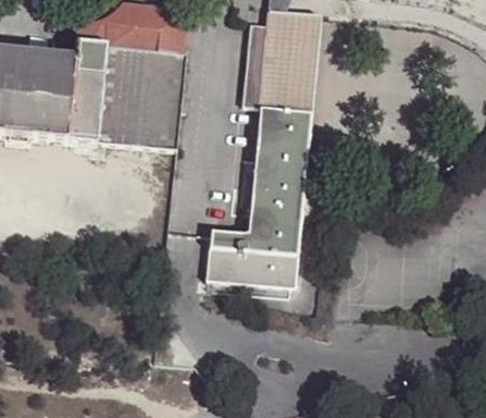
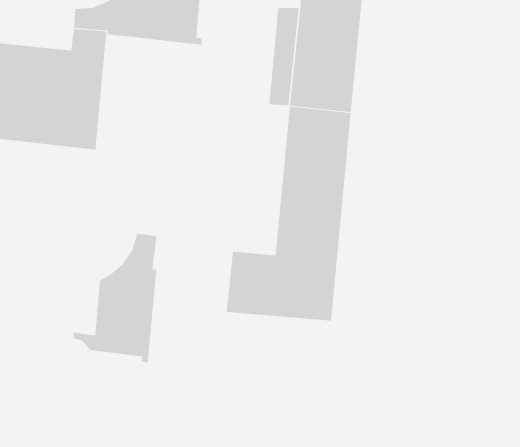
building: [98,45,187,147] -> none
building: none -> [73,233,157,363]

